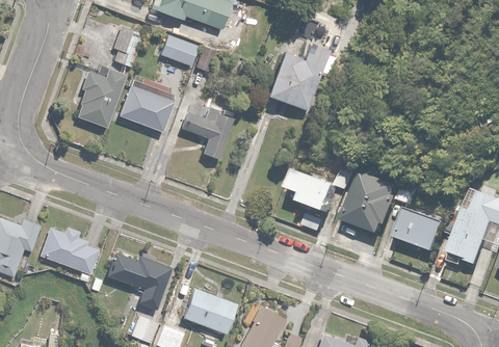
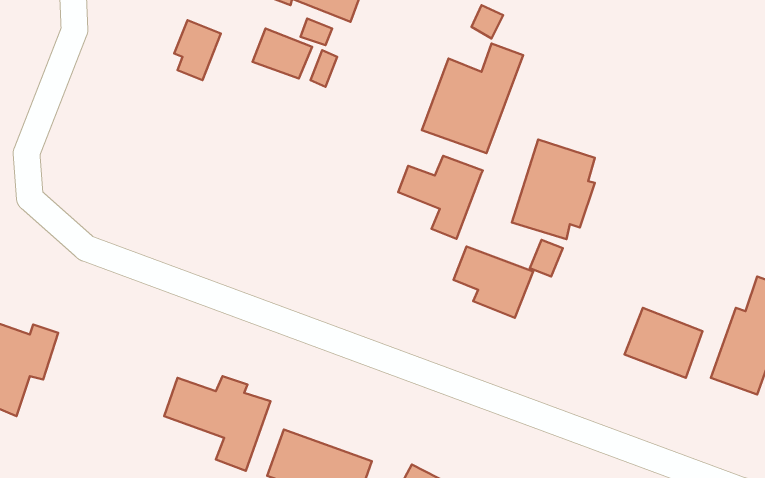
building: [77,70,125,127] -> none
building: [120,85,174,132] -> none
building: [181,107,234,159] -> [398,156,483,239]
building: [344,171,396,234] -> [512,139,595,239]
building: [40,228,100,281] -> none

